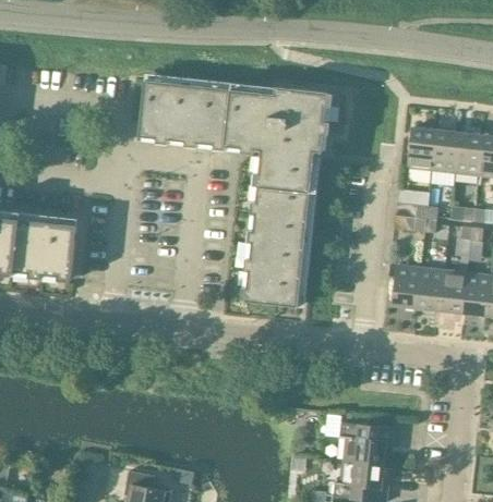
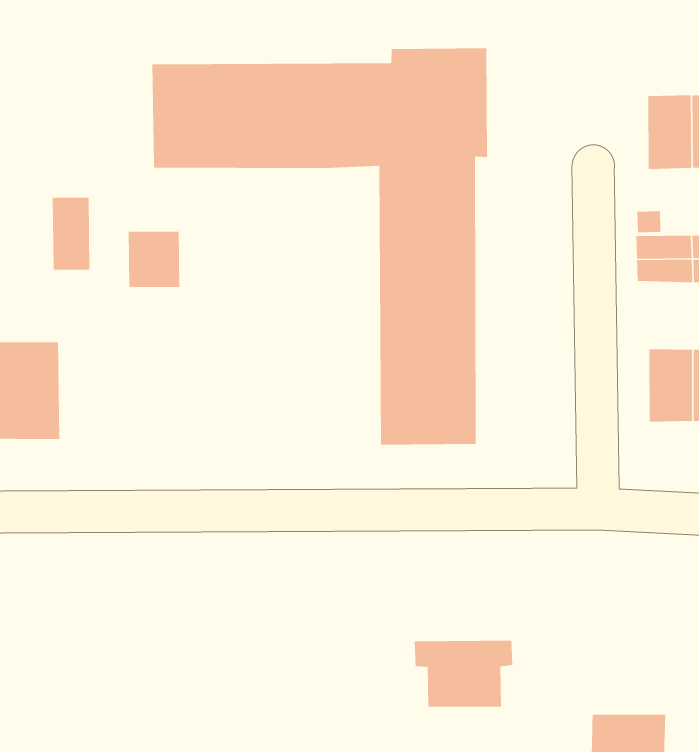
building: none -> [52,197,90,271]
building: none -> [128,231,180,288]
building: [339,423,394,464] -> [414,640,513,708]

